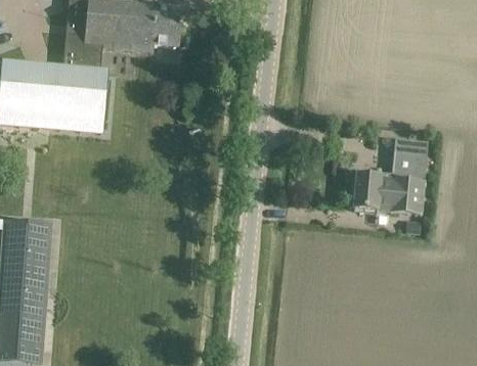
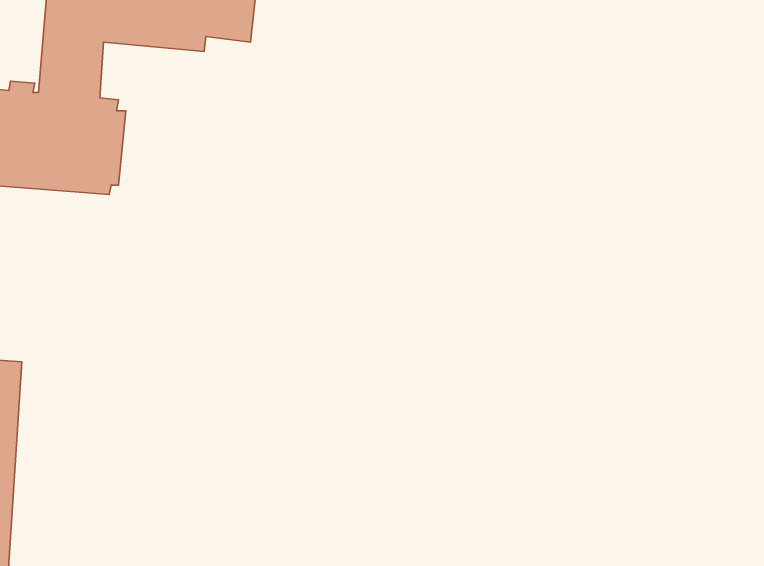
building: [353,139,427,216] -> none

